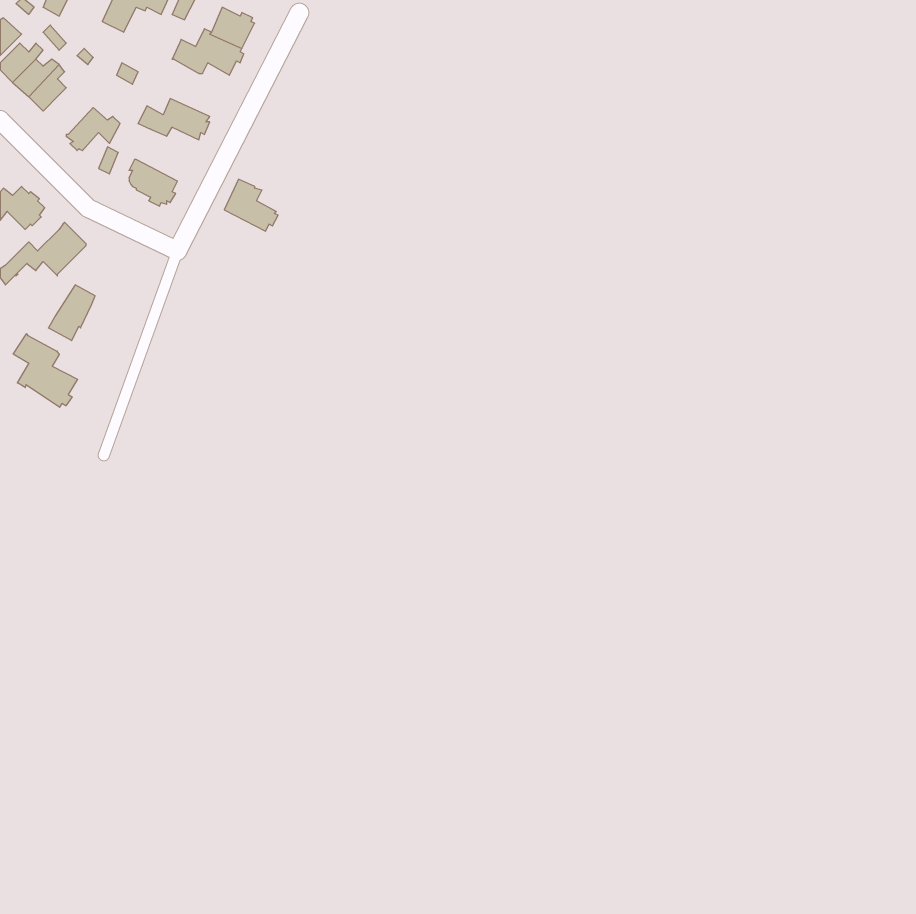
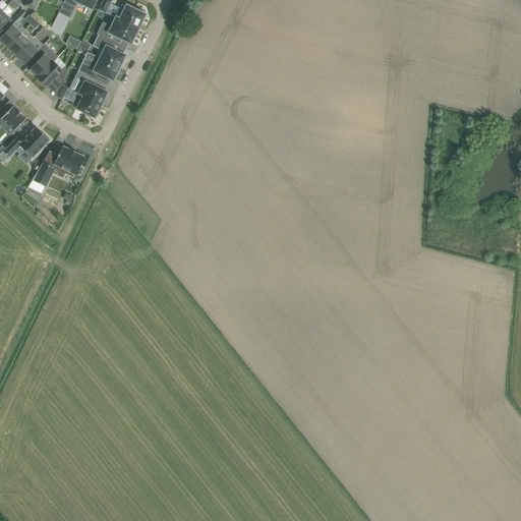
building: none -> [93,34,124,66]
building: none -> [30,44,57,76]
building: [224,179,278,231] -> [77,73,108,103]
building: none -> [54,146,85,175]
building: [13,334,78,407] -> none

